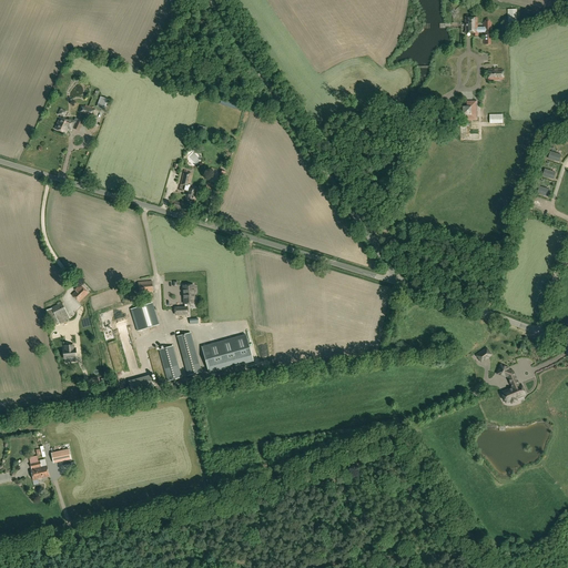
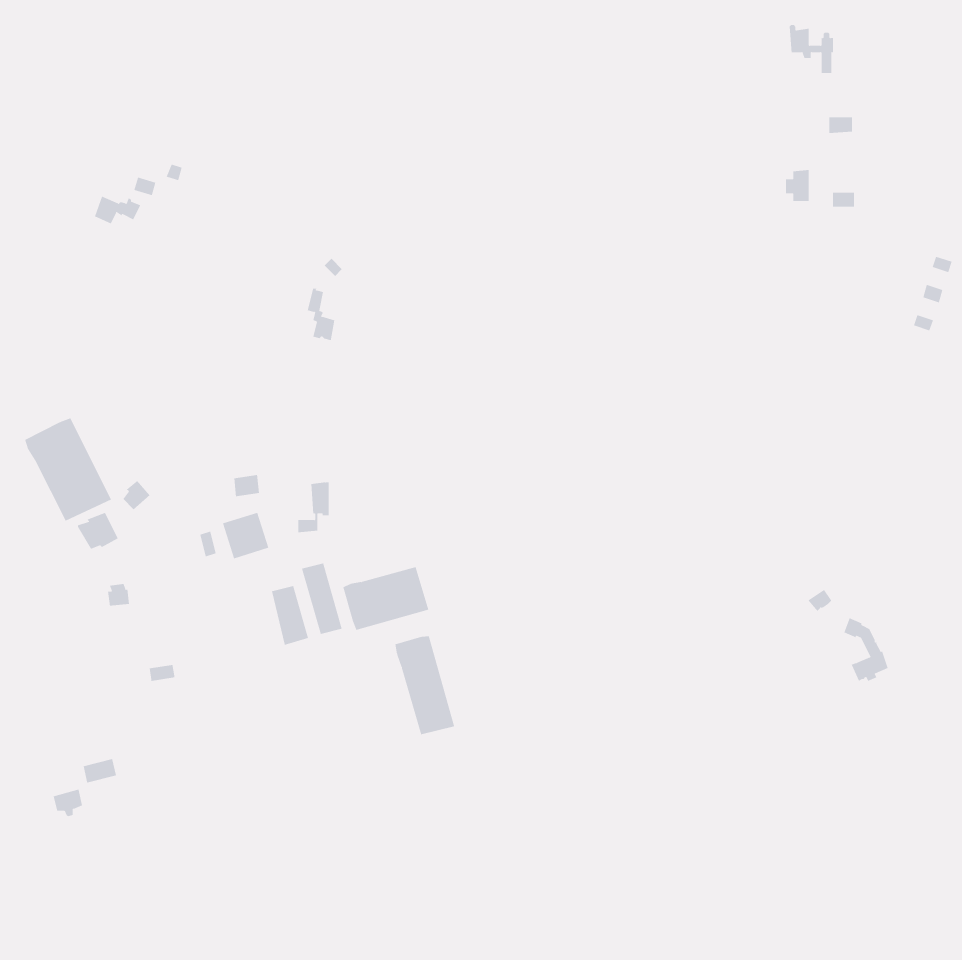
building: none -> [25,418,112,521]
building: none -> [395,635,455,735]

